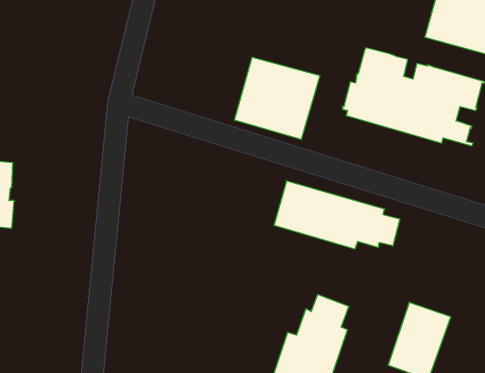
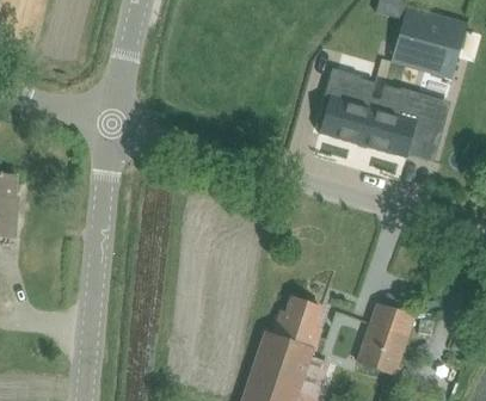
building: [234,57,320,140] -> none
building: [274,181,400,249] -> none

